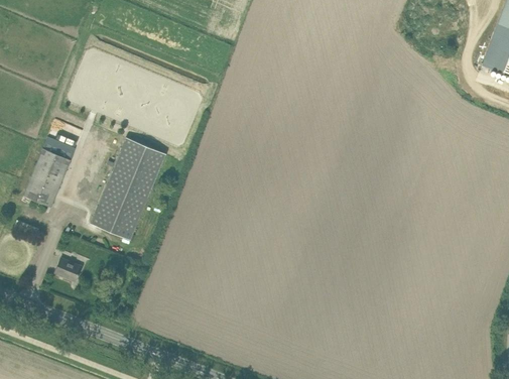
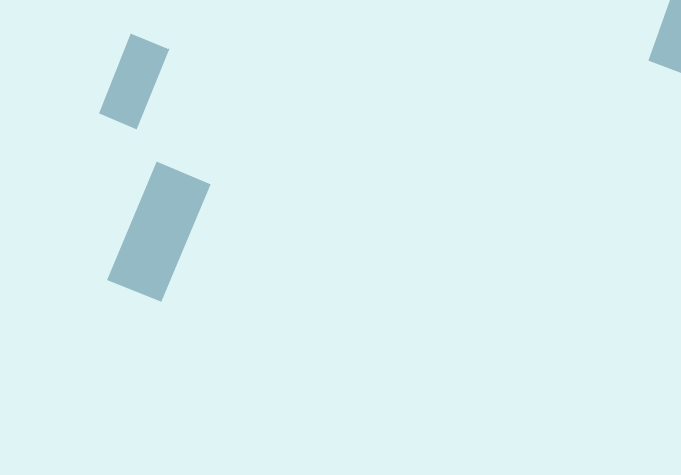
building: [24,137,77,208] -> [98,33,170,130]
building: [54,258,82,281] -> none

